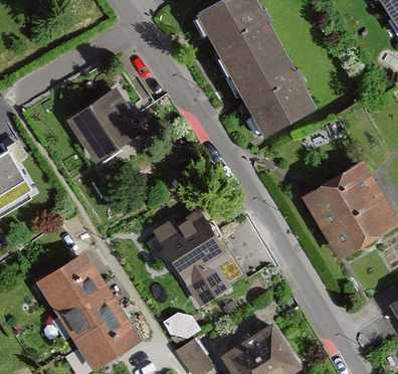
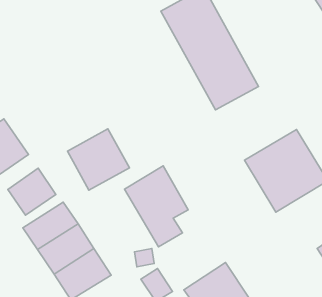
building: [65,91,141,166] -> [67,129,129,190]
building: none -> [8,168,56,215]

